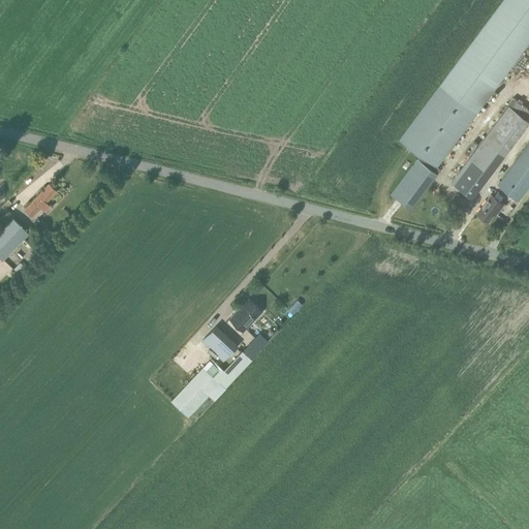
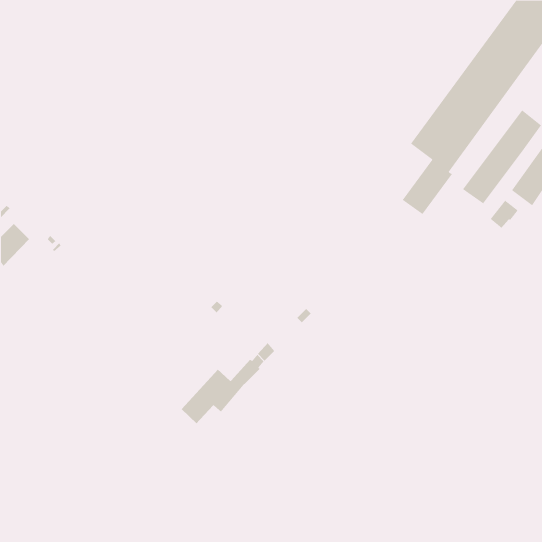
building: [26,185,58,217] -> none
building: [230,299,263,333] -> none
building: [203,325,240,362] -> none

